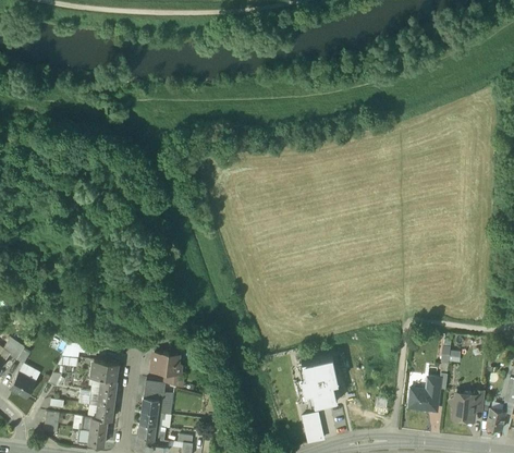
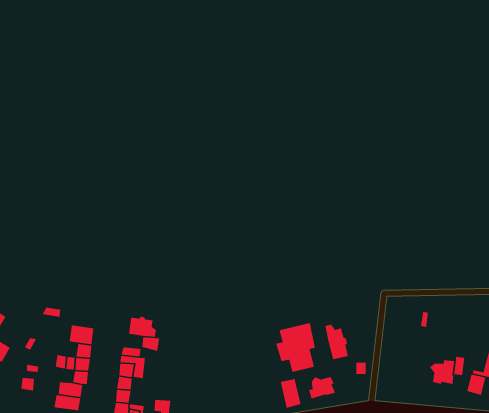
building: none -> [324,324,349,360]
building: [407,378,440,411] -> none
building: none -> [308,376,336,400]

